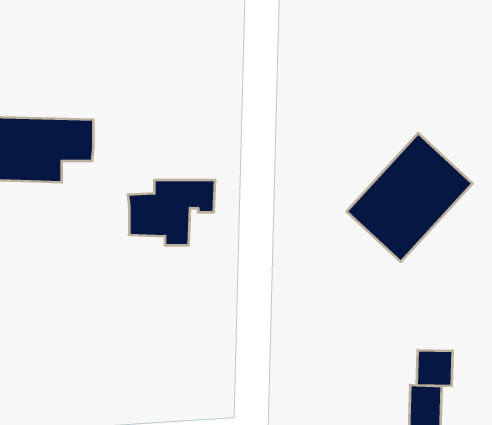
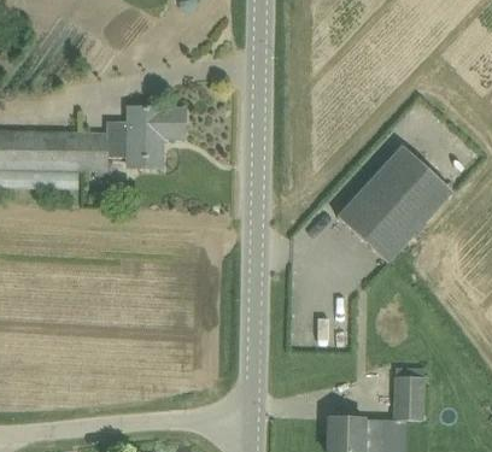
building: [128,180,215,245] -> [106,108,186,168]
building: [417,350,452,386] -> none

